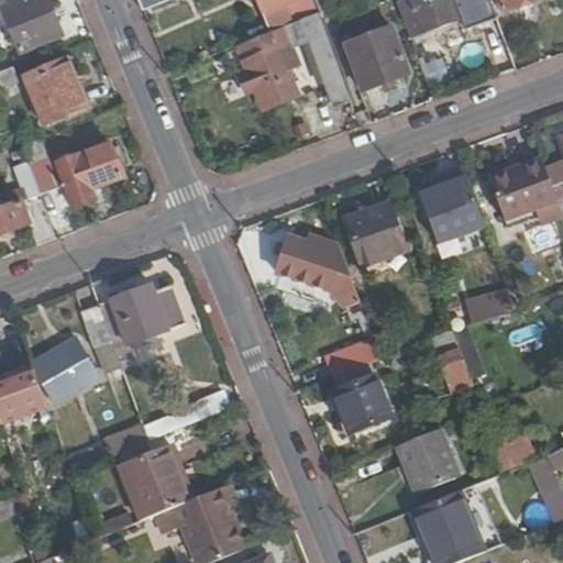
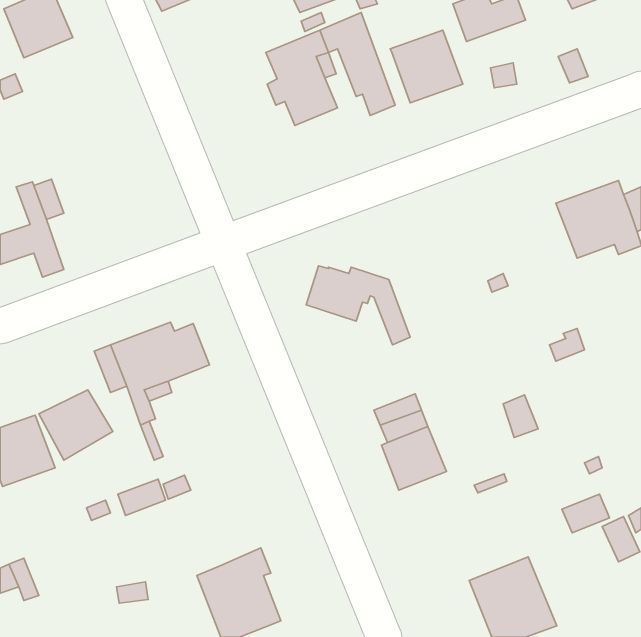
building: [25,58,87,124] -> none
building: [56,143,122,206] -> none
building: [420,175,484,236] -> none
building: [342,210,409,272] -> none
building: [394,431,456,496] -> none
building: [115,439,194,518] -> none

